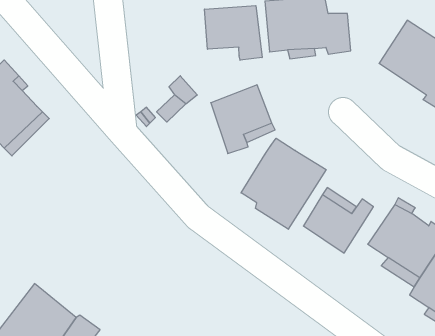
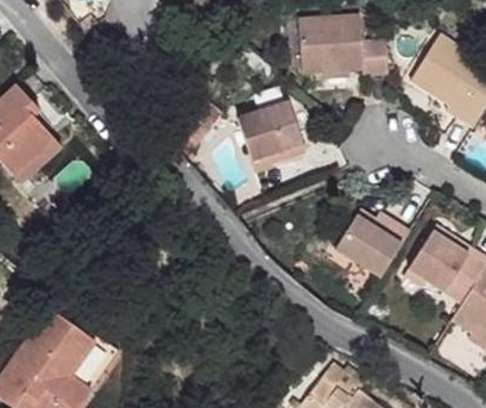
building: [205,6,262,60] -> none
building: [241,138,326,229] -> none

